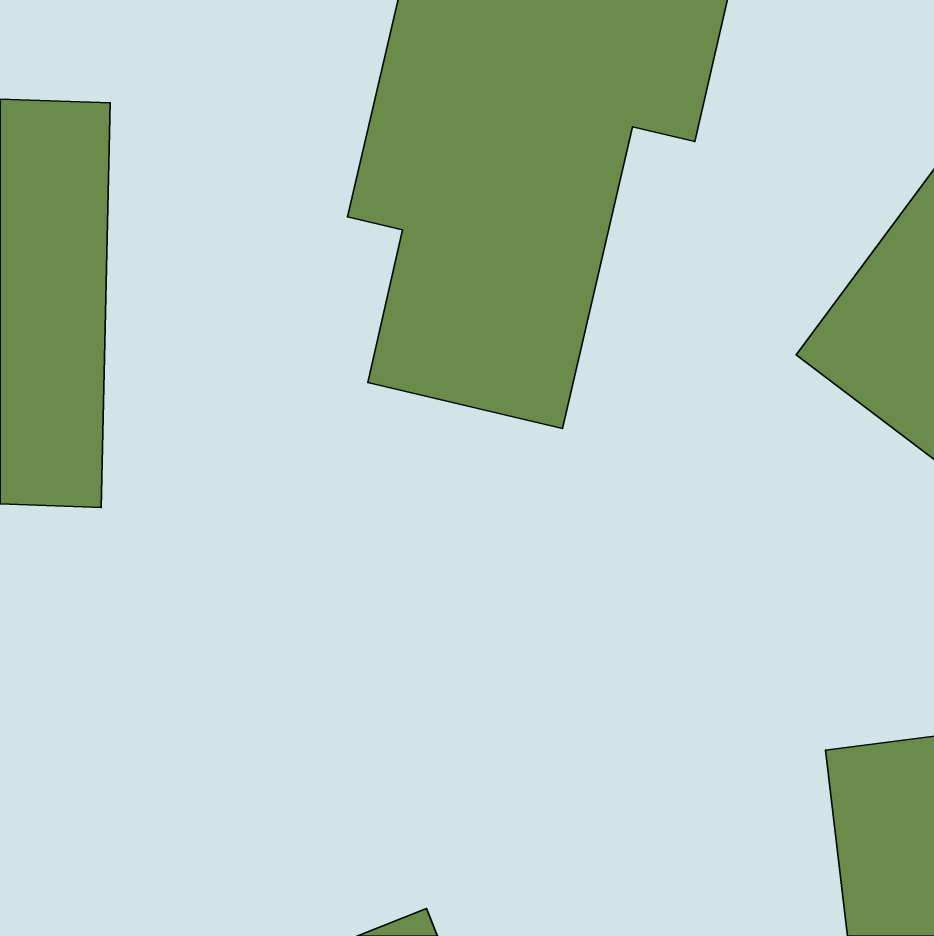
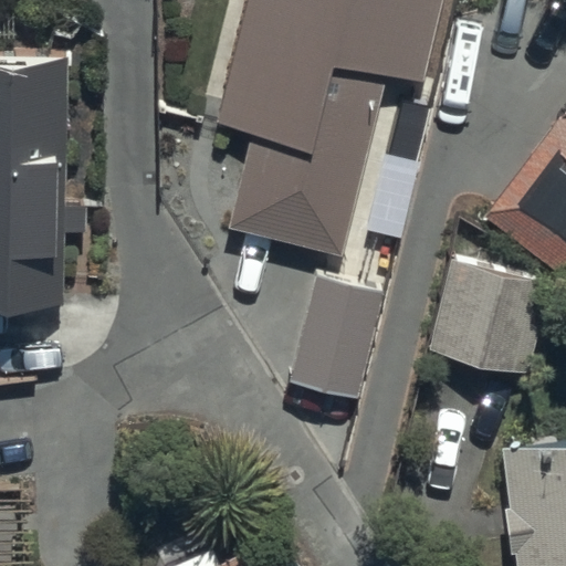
building: none -> [426,261,547,376]
building: none -> [293,280,382,400]

